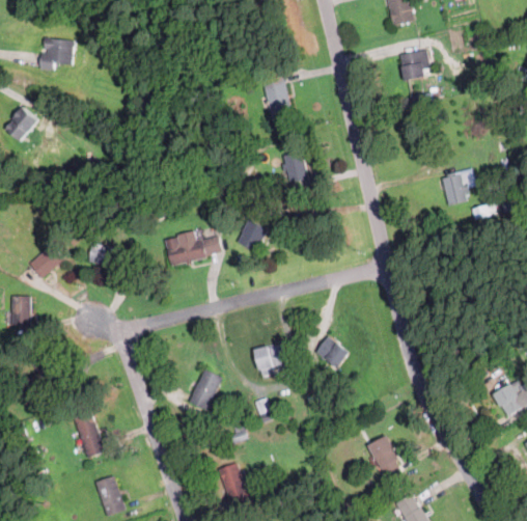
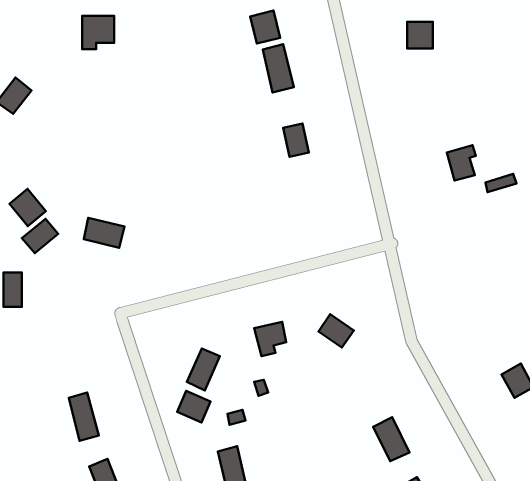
building: [40,38,72,71] -> [82,16,114,49]
building: none -> [250,11,280,44]
building: none -> [9,189,46,226]
building: [238,219,269,252] -> none
building: [165,231,222,266] -> none
building: none -> [177,391,211,422]

